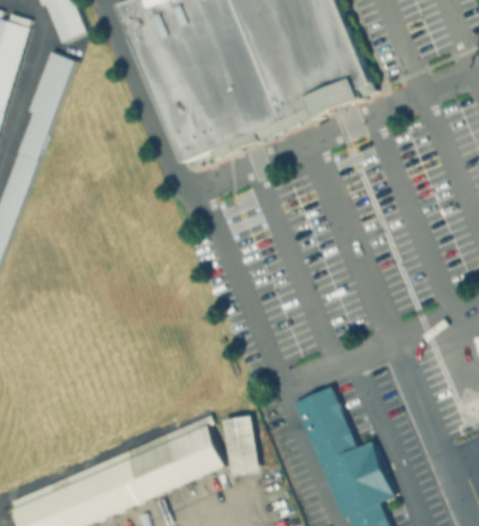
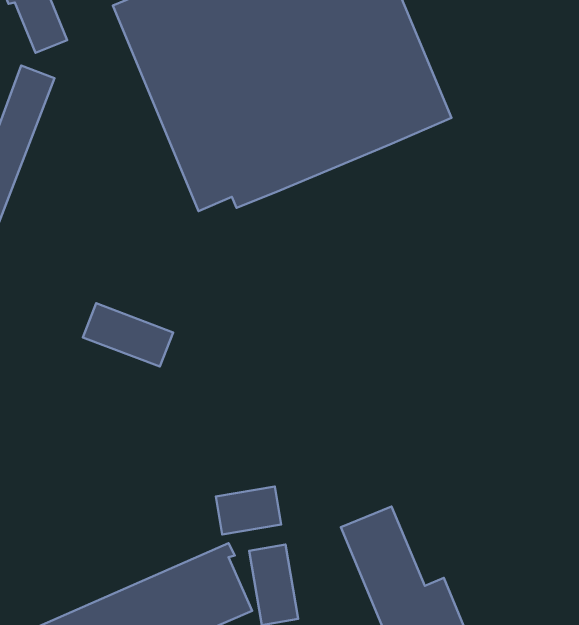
building: none -> [83,303,173,367]
building: none -> [216,486,281,534]

